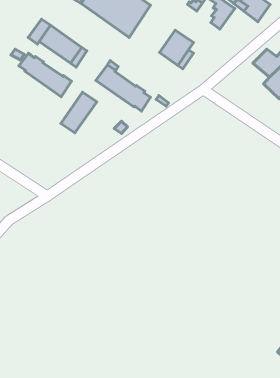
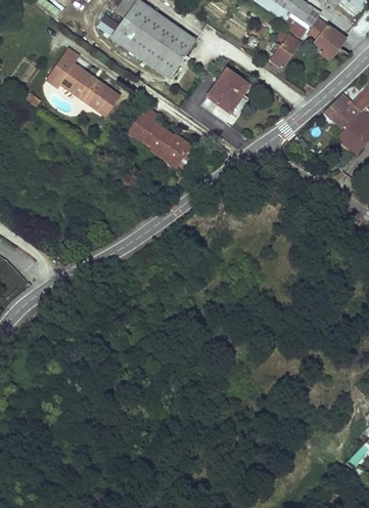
building: [19,53,71,97] -> none
building: [61,92,97,133] -> none

